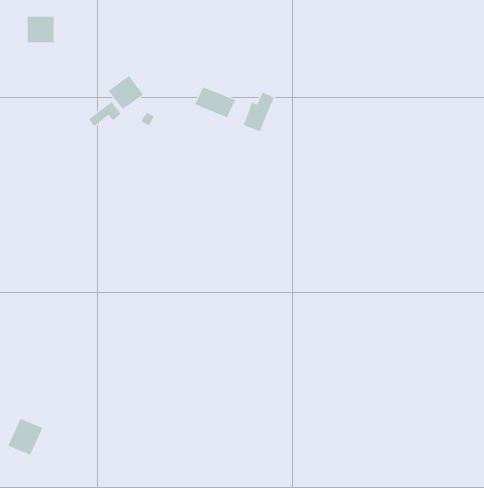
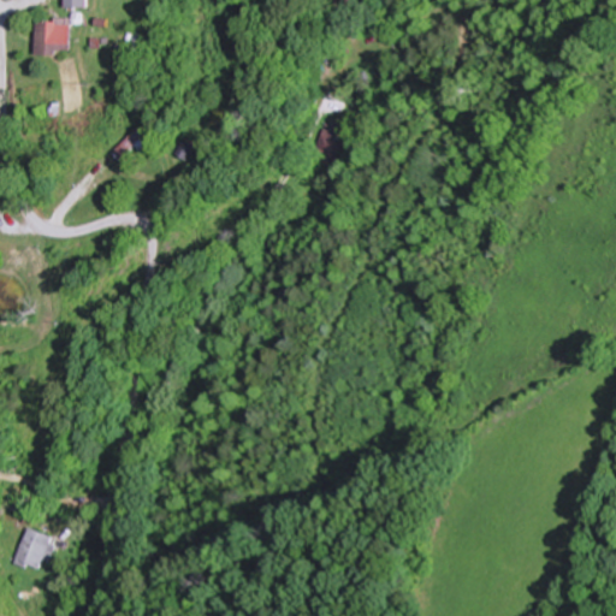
building: [108,75,144,110] -> none
building: [195,86,236,118] -> none

